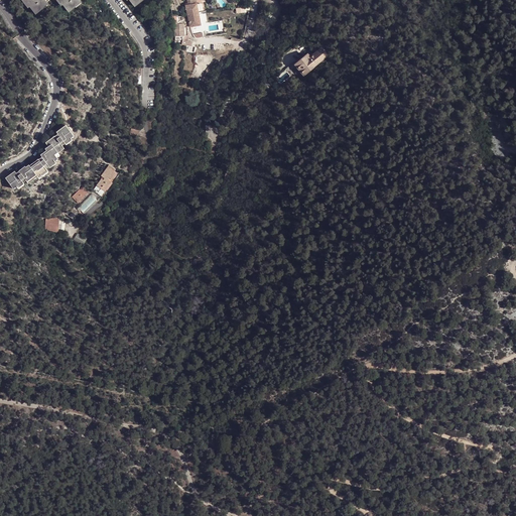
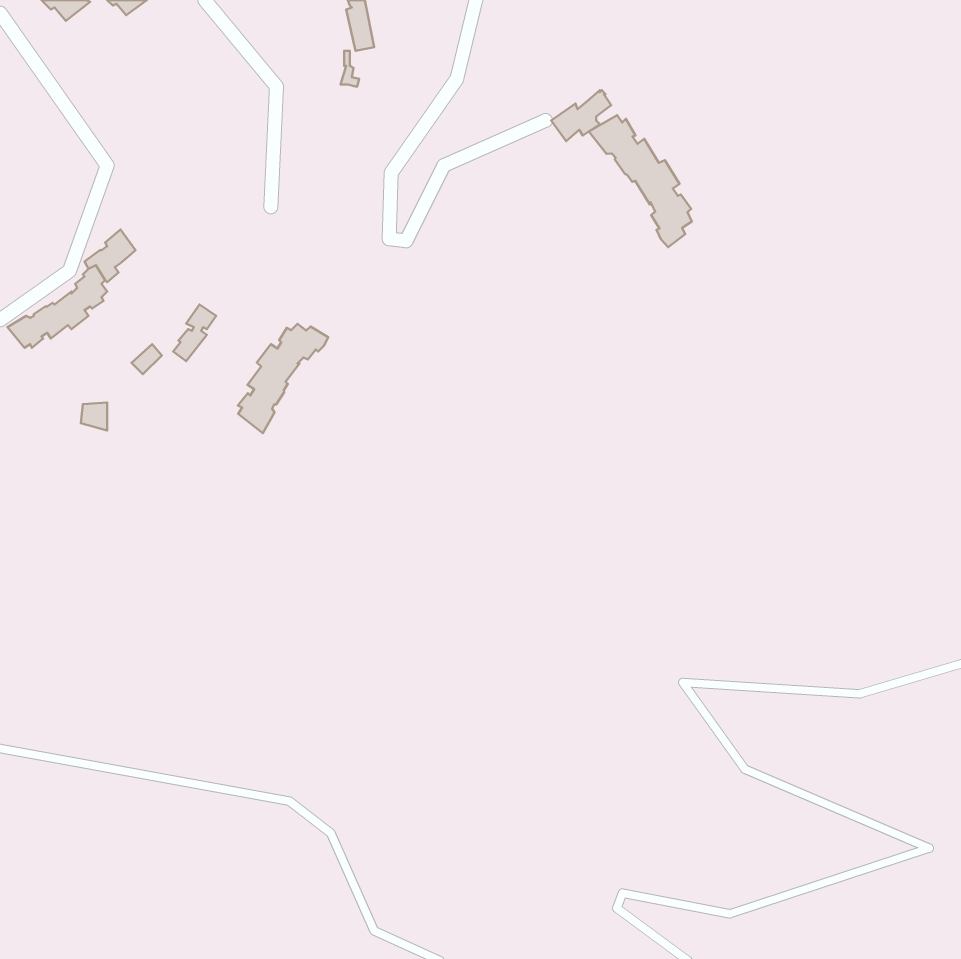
building: none -> [589,115,692,247]
building: none -> [238,324,328,433]

